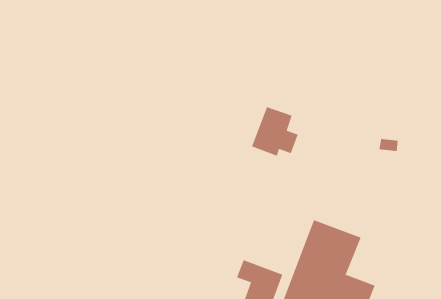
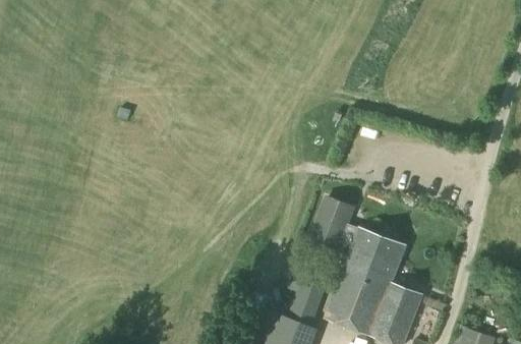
building: [251,106,298,157] -> [311,198,359,249]

